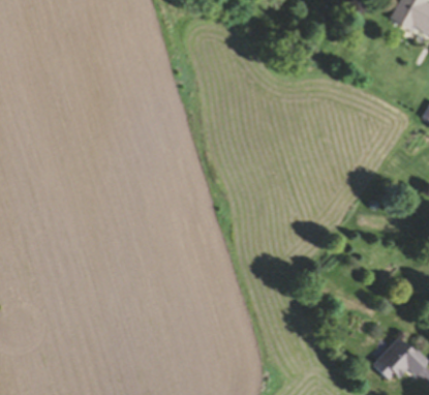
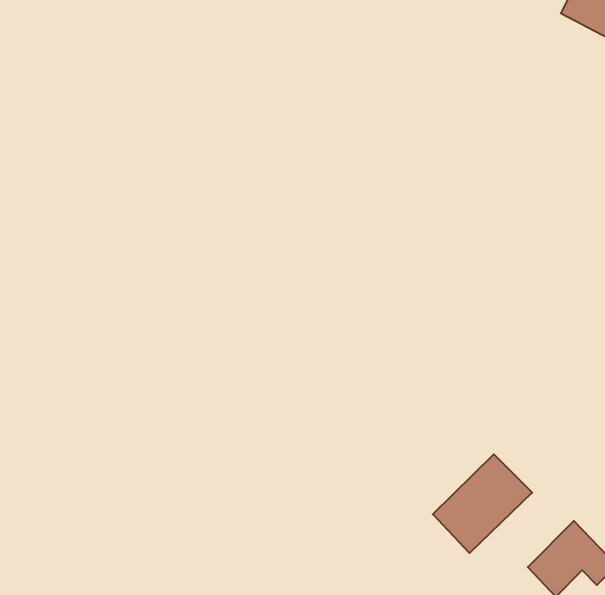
building: none -> [433,454,532,553]

